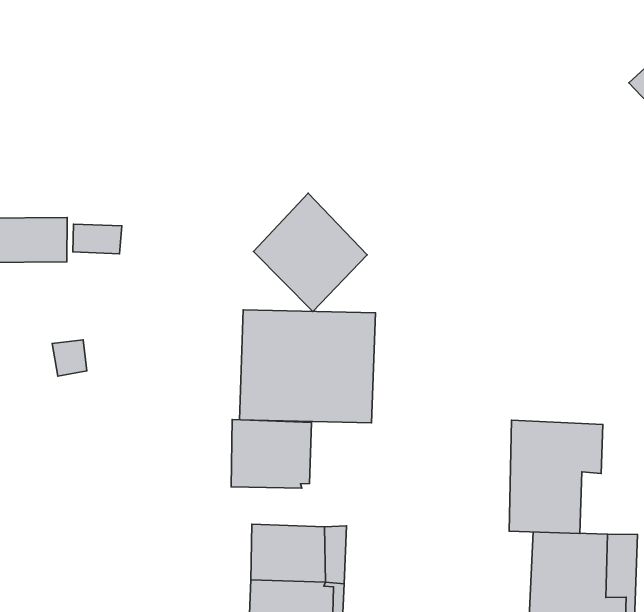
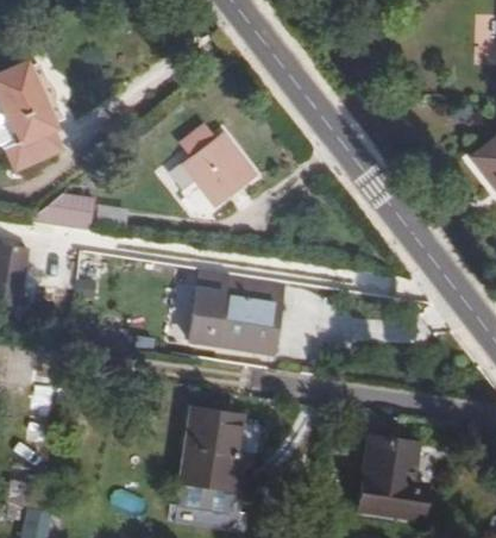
building: [254,193,367,311] -> [181,131,253,207]
building: [231,420,311,488] -> none
building: [509,420,603,533] -> none

